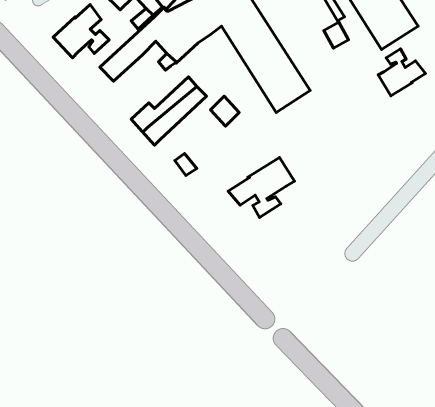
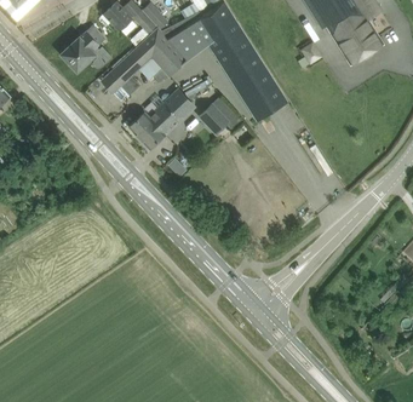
building: [378,49,425,96] -> none
building: [228,157,294,217] -> none

